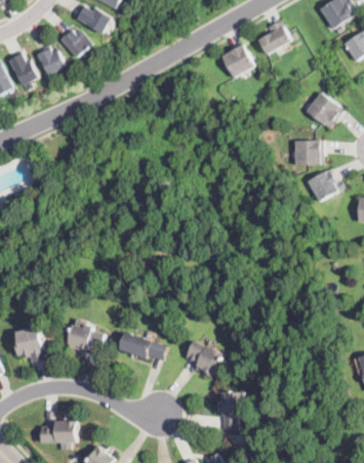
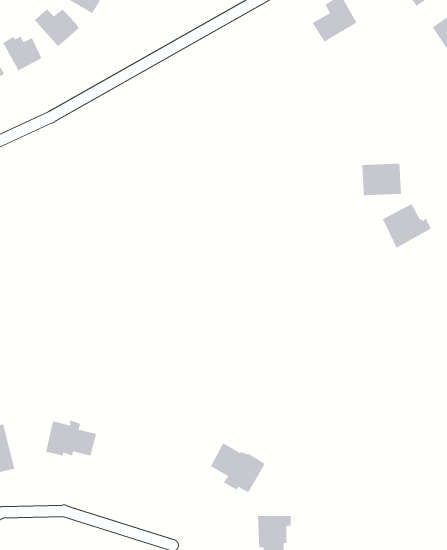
building: [219,43,253,78] -> none
building: [305,92,341,128] -> none
building: [118,332,166,361] -> none

